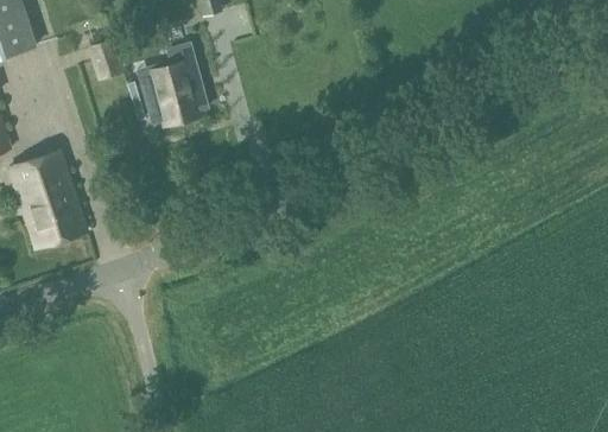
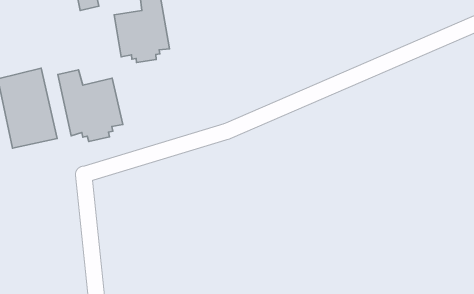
building: none -> [58,70,123,142]

